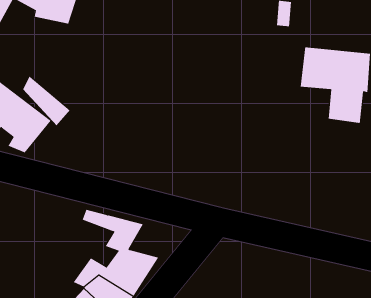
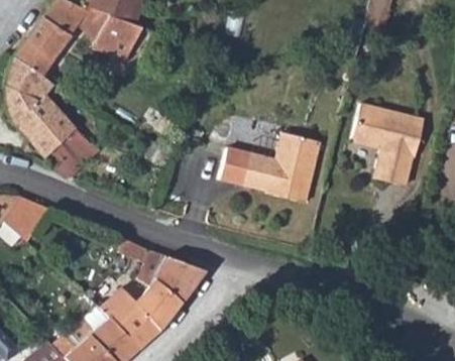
building: [22,76,71,126] -> none
building: none -> [218,138,316,207]
building: none -> [161,259,208,293]

